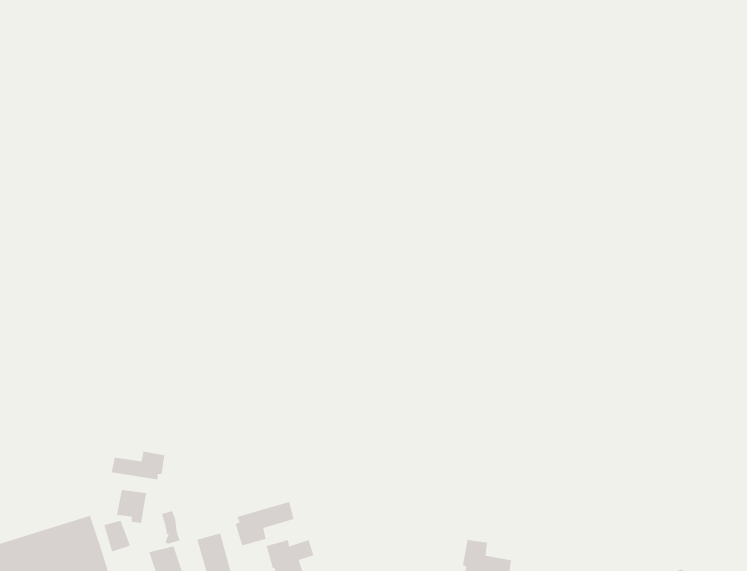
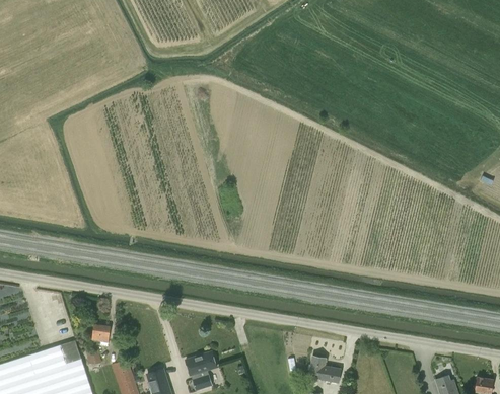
building: [111,451,165,480] -> none
building: [235,501,294,546] -> none

